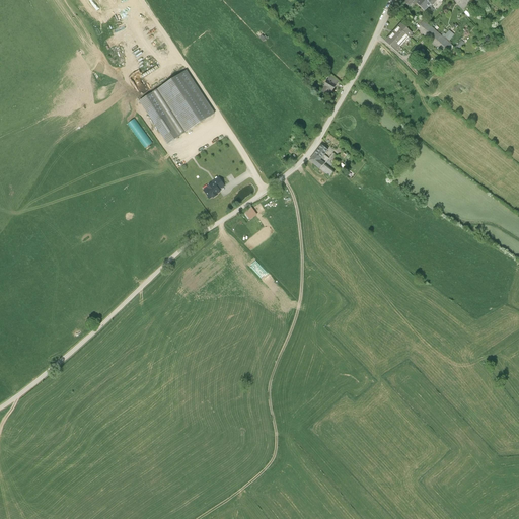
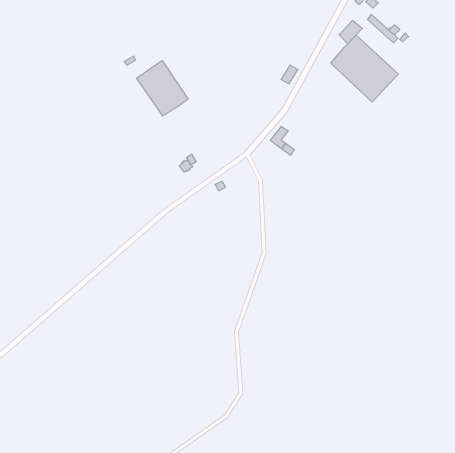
building: none -> [331,35,398,102]
building: [138,89,184,144] -> none

